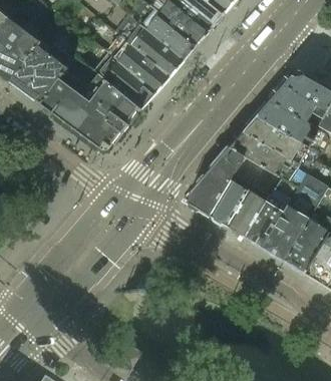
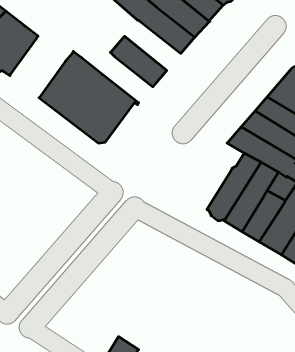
building: [126,26,184,76] -> none
building: [12,43,74,103] -> none
building: [83,46,154,108] -> none
building: [187,148,246,215] -> none

